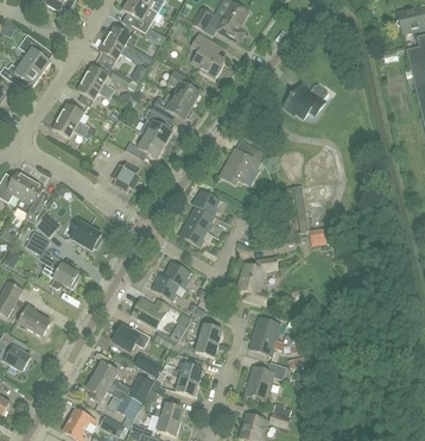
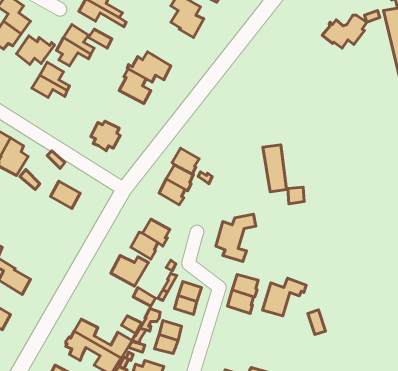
building: [166,70,199,106] -> none
building: none -> [17,36,54,64]
building: [283,86,328,119] -> [322,15,367,48]
building: [125,131,164,160] -> none
building: [218,145,264,184] -> none
building: [27,232,77,288] -> none
building: [110,326,150,351] -> none
building: [245,361,288,399] -> [263,278,306,316]

